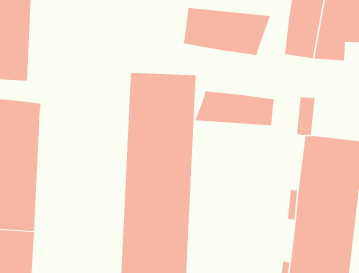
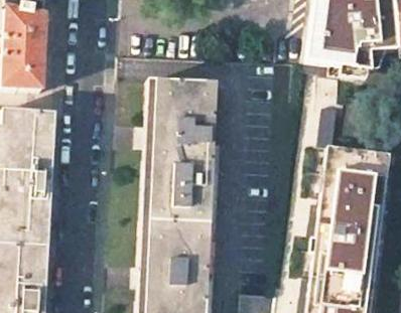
building: [183,7,271,56] -> none
building: [194,91,275,126] -> none

